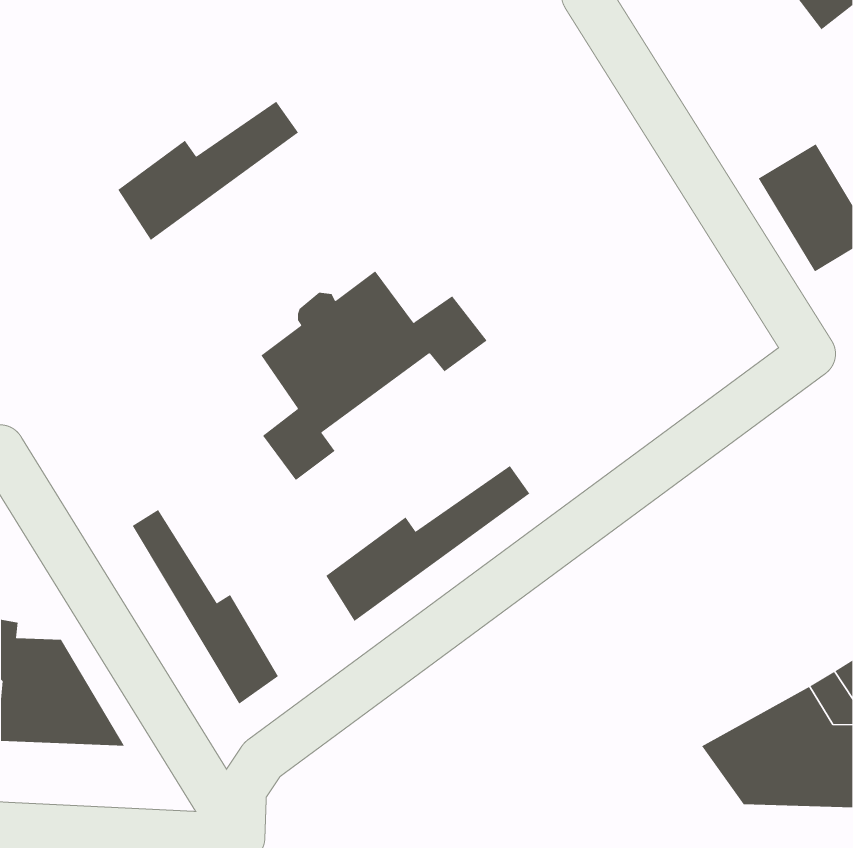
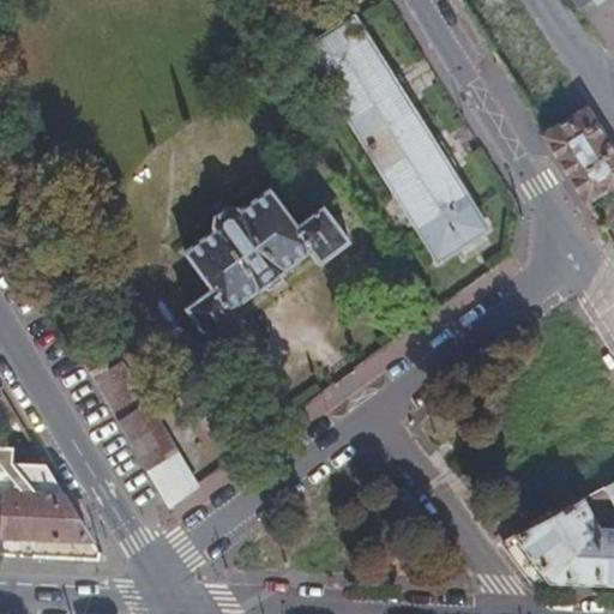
building: none -> [313,25,489,261]
building: [118,101,299,241] -> none
building: [326,465,530,622] -> none

